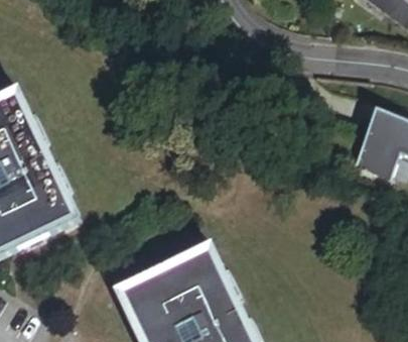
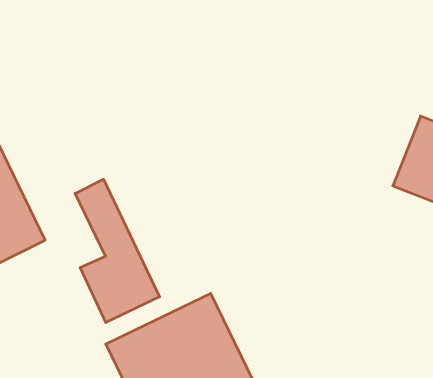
building: none -> [75,179,160,323]

